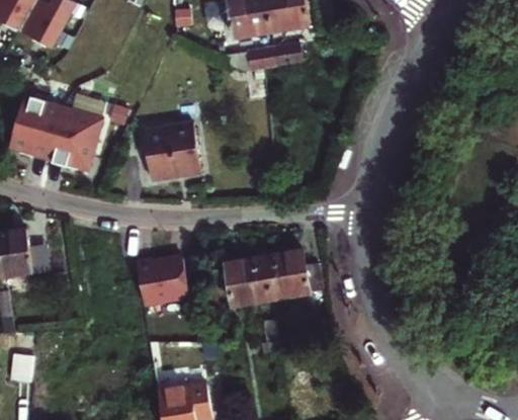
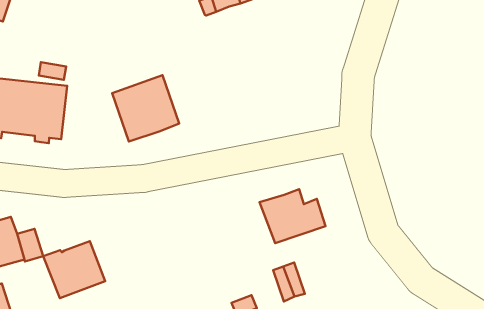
building: [136,255,190,305] -> [43,241,105,298]
building: [226,257,271,306] -> none

